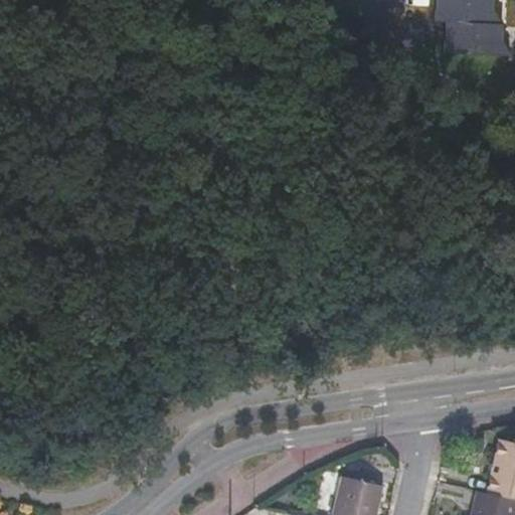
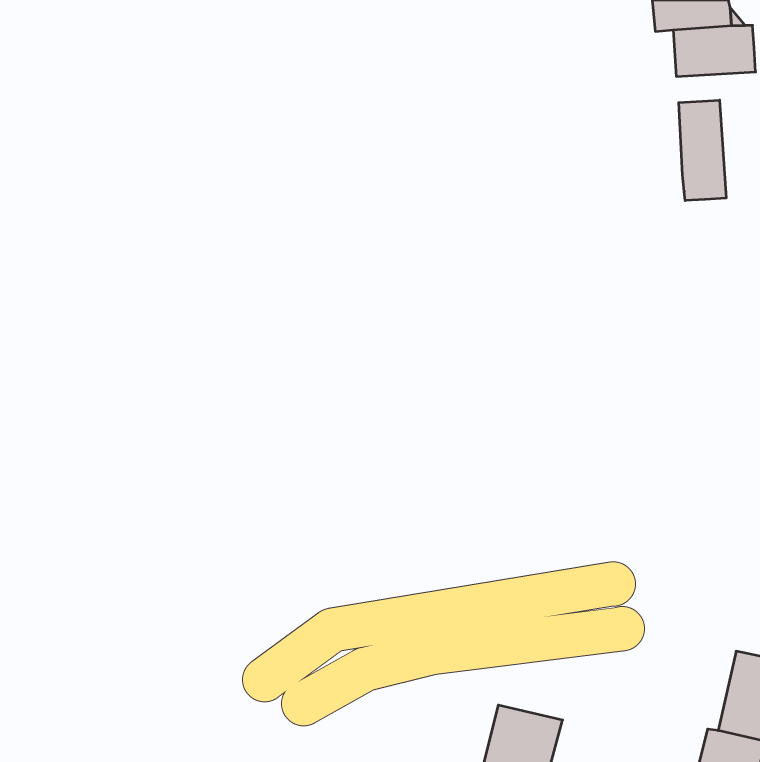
building: none -> [679,100,726,201]

